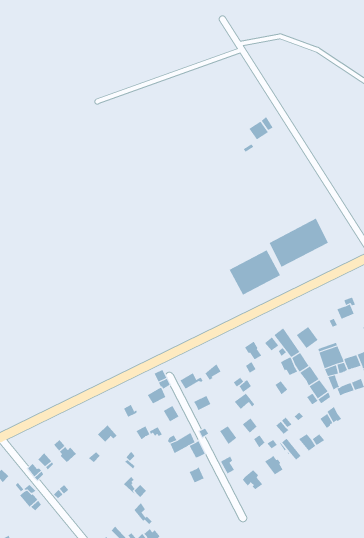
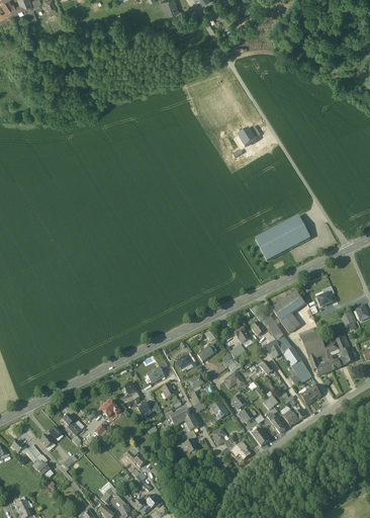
building: [229,250,281,296] -> none
building: none -> [272,290,305,320]

